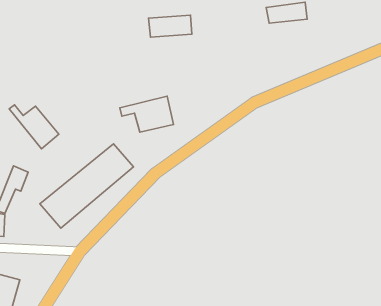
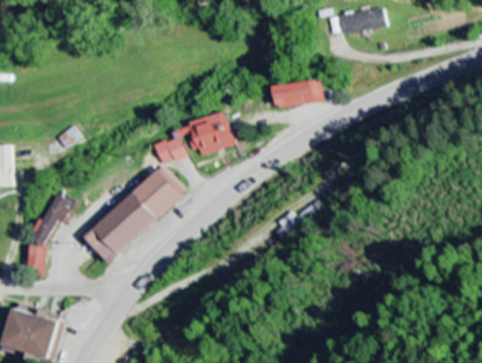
building: [149,15,192,37] -> [273,81,322,106]
building: [9,105,59,149] -> none
building: none -> [153,135,186,165]

